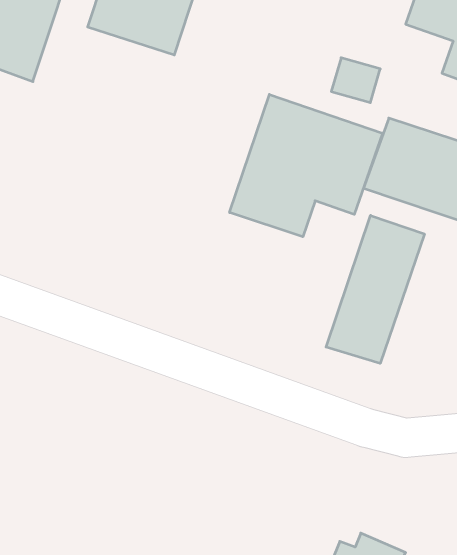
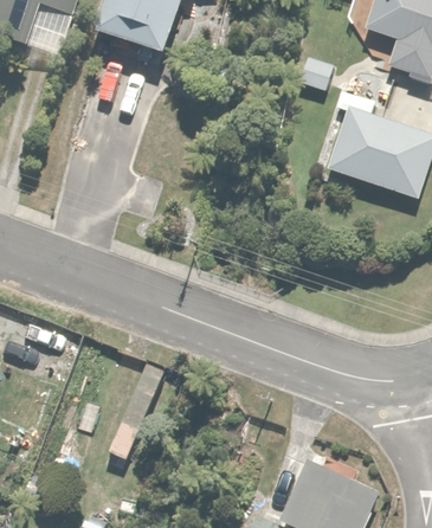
building: [230,94,383,237] -> none
building: [326,215,424,363] -> none

